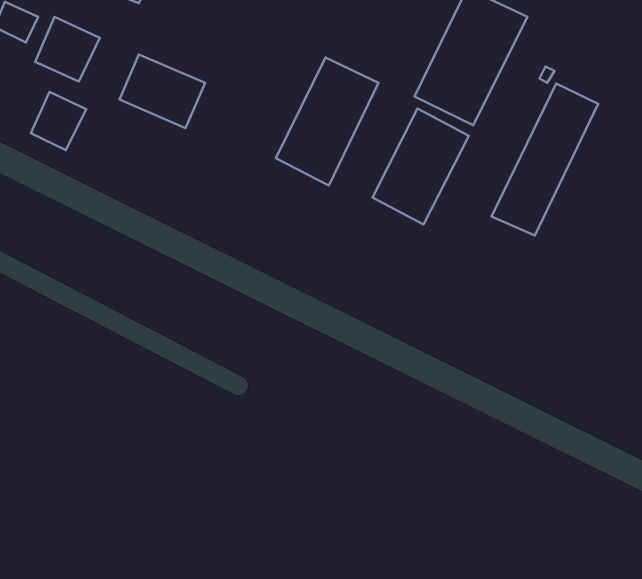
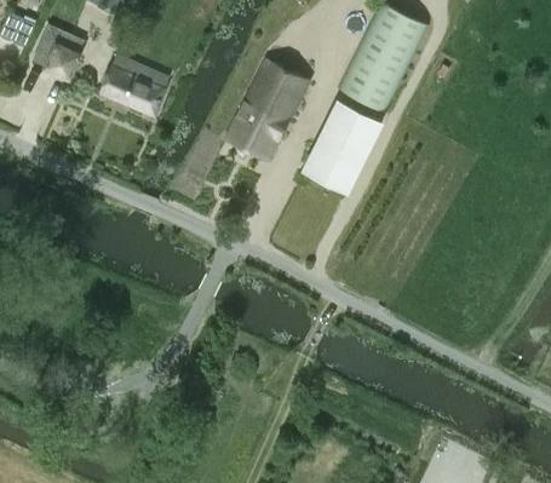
building: [492,84,598,235] -> none
building: [31,92,86,150] -> none

